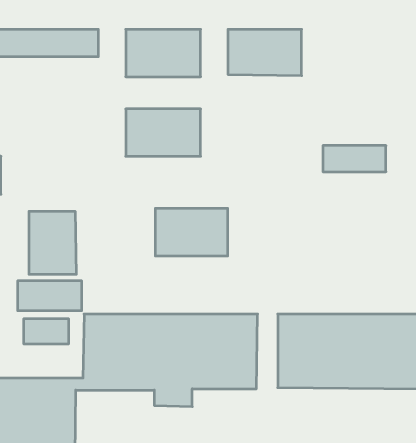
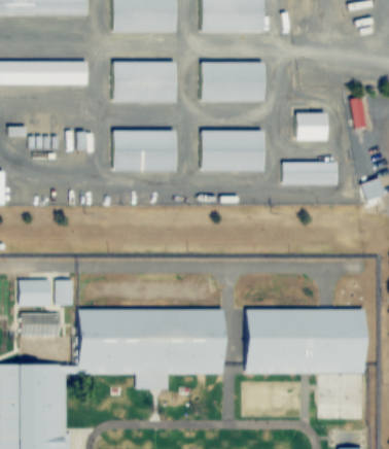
building: none -> [294,113,326,141]
building: [155,208,228,256] -> [201,131,263,172]
building: [29,211,76,274] -> none

